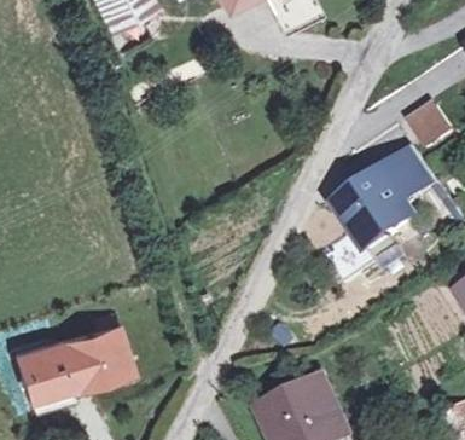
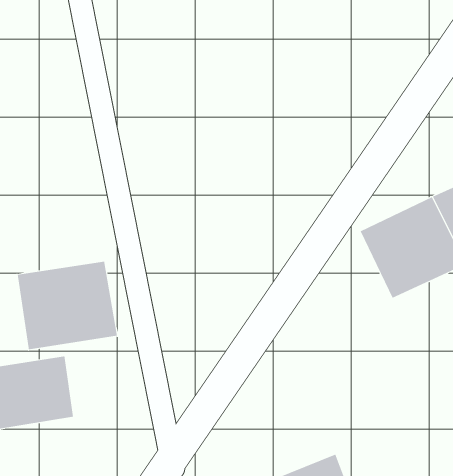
building: none -> [17,261,117,350]

